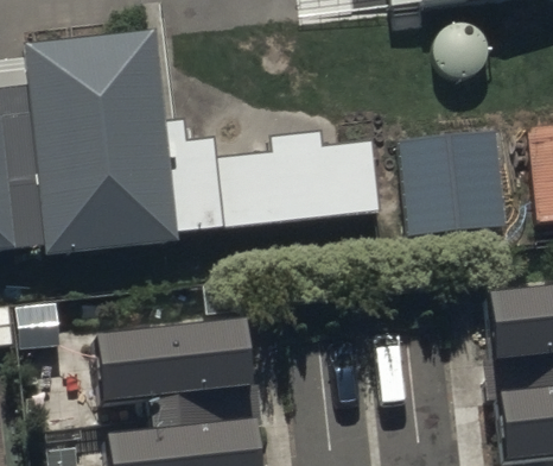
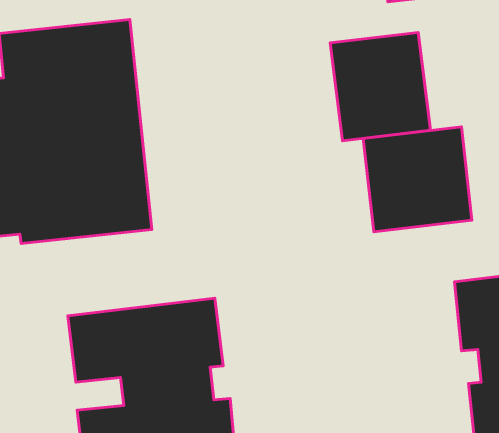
building: none -> [330,32,430,141]
building: [178,145,376,234] -> none

